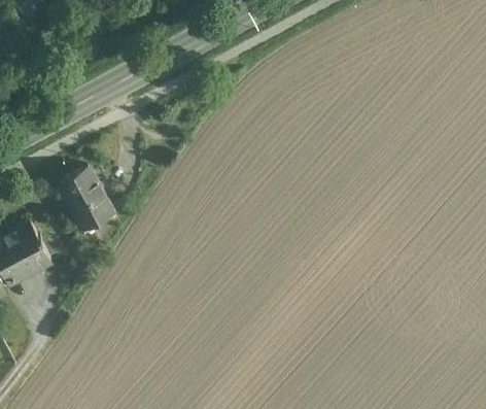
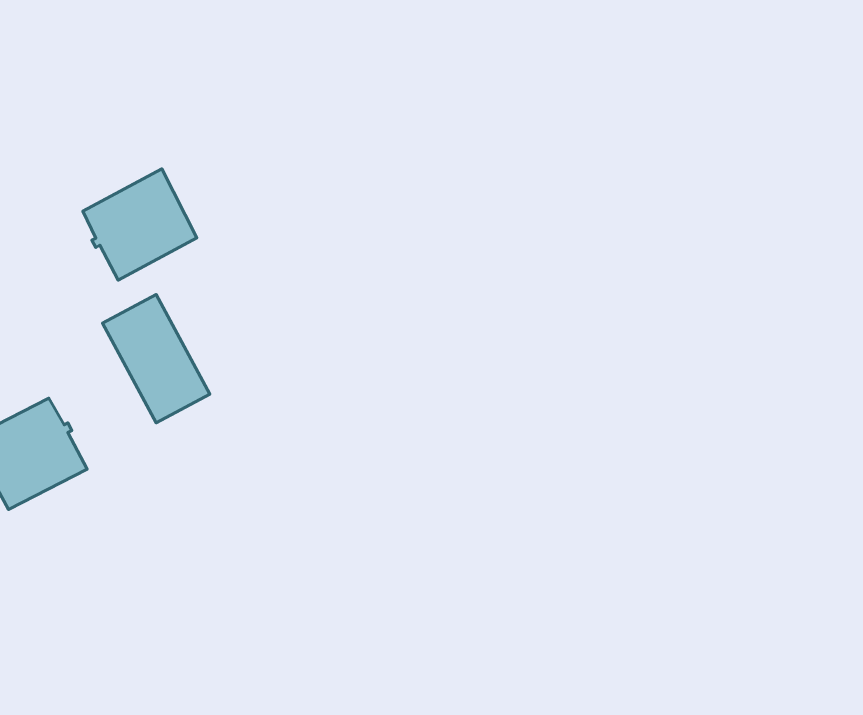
building: none -> [83,169,197,280]

